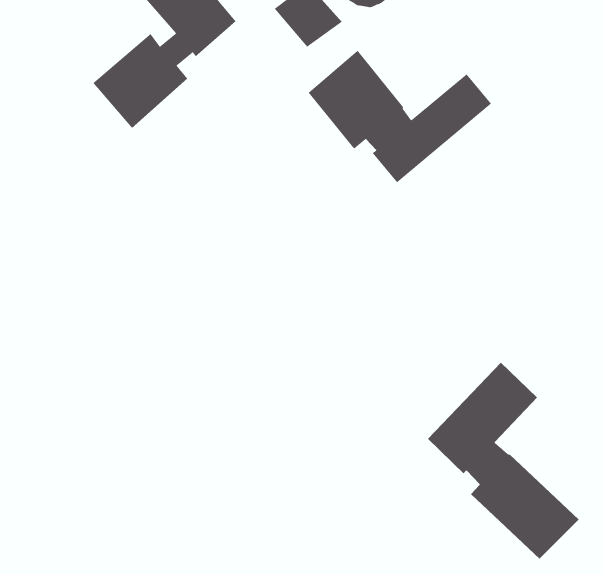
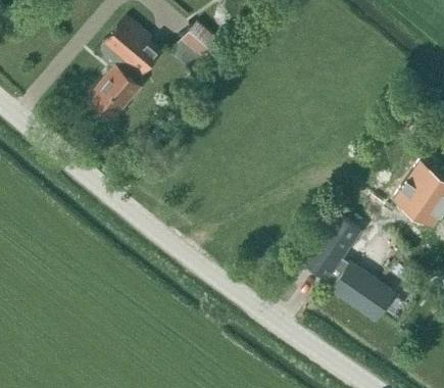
building: [308,50,492,183] -> none

